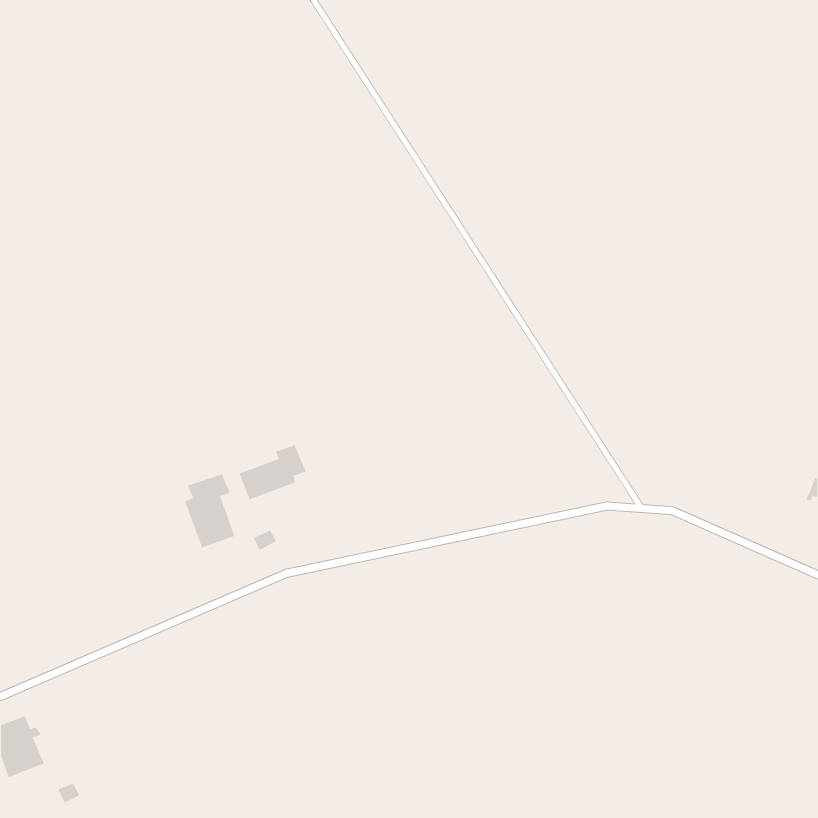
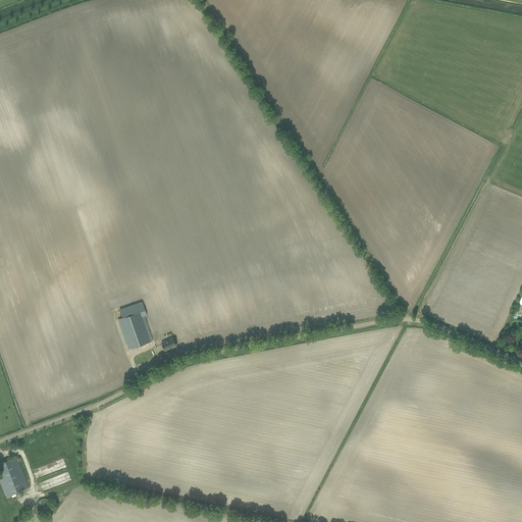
building: [239,445,306,500] -> none

